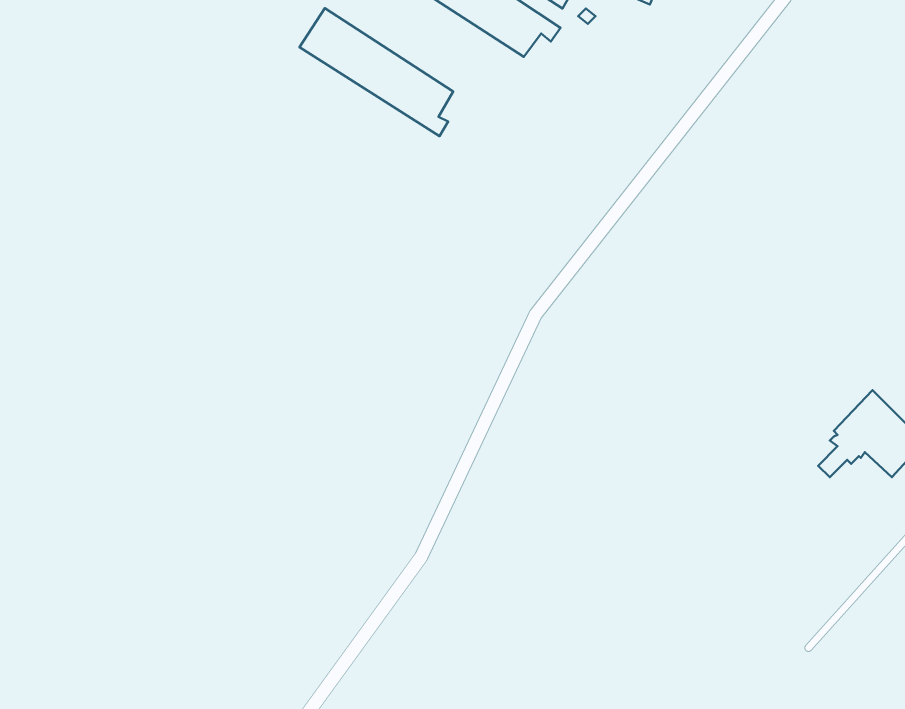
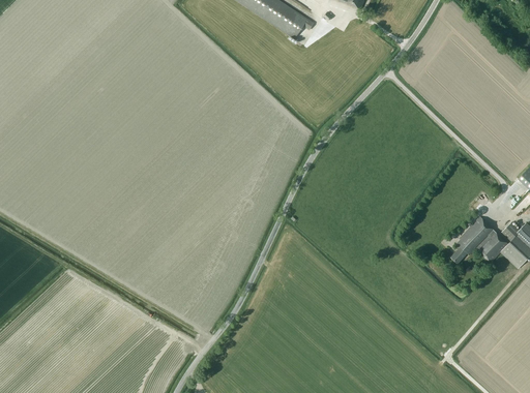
building: [300,8,453,136] -> none

